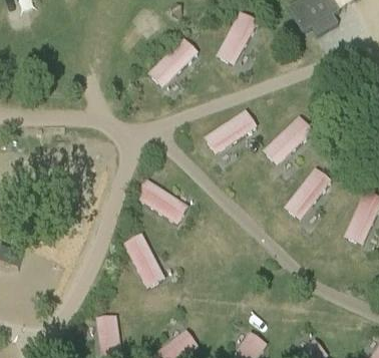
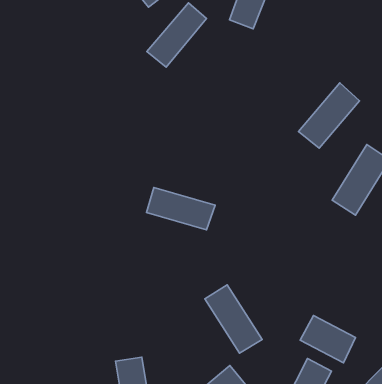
building: [204,110,258,151] -> none
building: [123,233,165,288] -> [205,285,262,353]
building: none -> [300,316,356,363]

